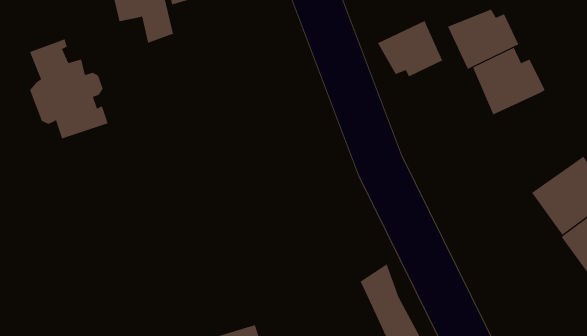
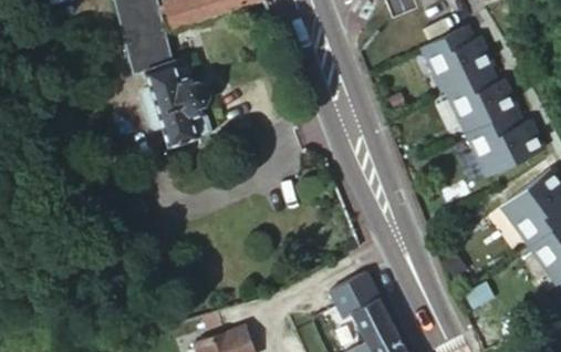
building: [377,20,443,77] -> none
building: [29,39,108,139] -> [146,53,219,146]
building: none -> [465,111,539,174]

